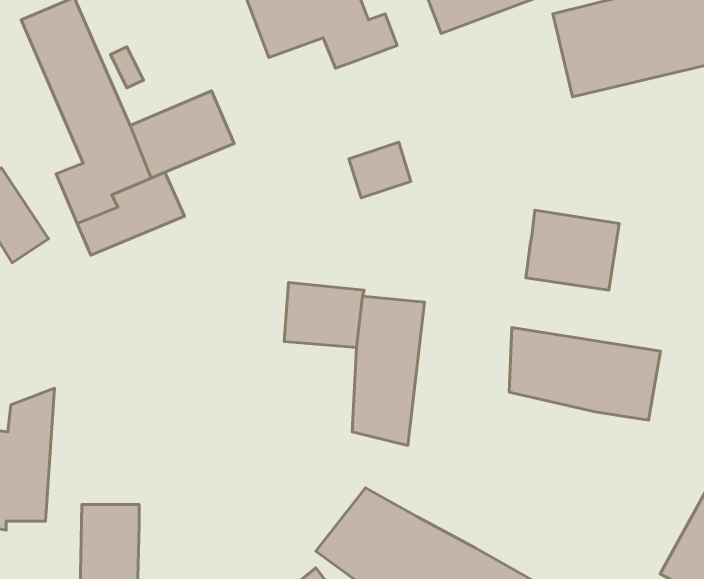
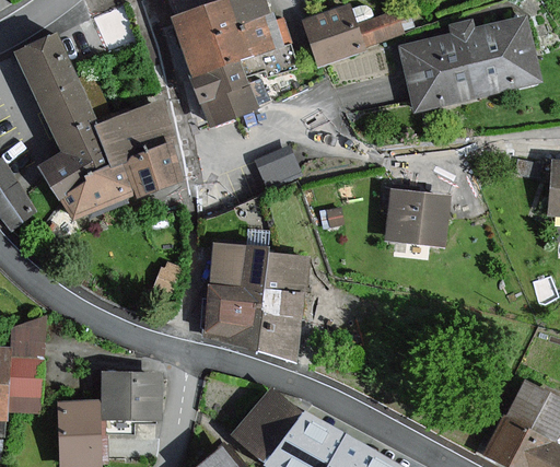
building: none -> [190,65,262,127]
building: none -> [121,141,185,194]
building: [509,328,661,420] -> none
building: none -> [203,284,260,350]
building: none -> [103,374,161,419]

